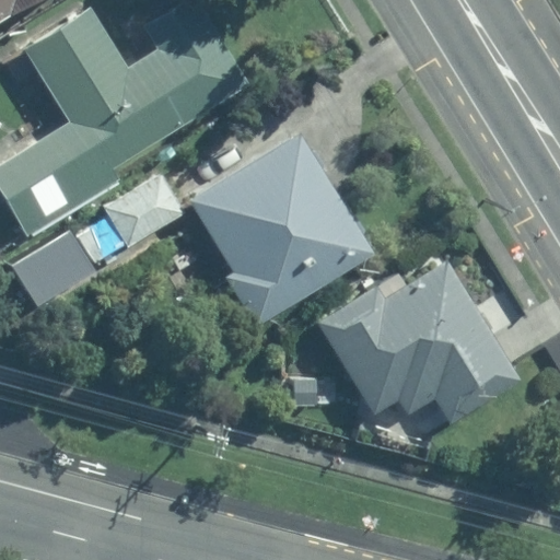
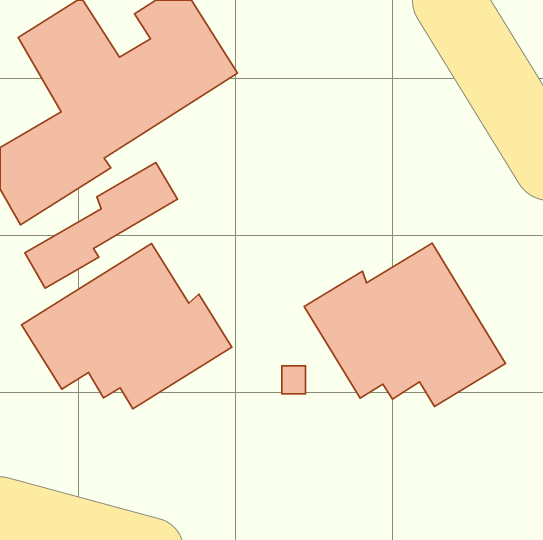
building: [188,133,373,326] -> none
building: none -> [21,243,232,409]

